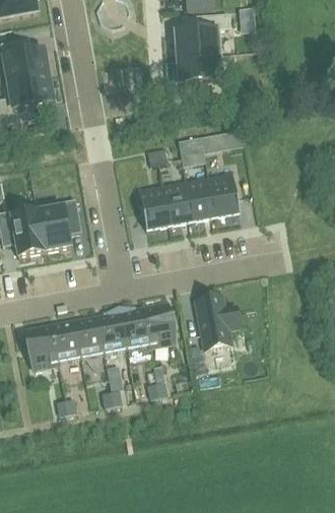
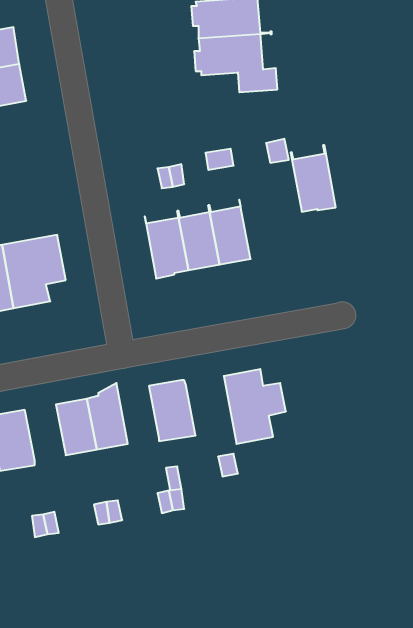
building: [206,168,239,215] -> [291,145,336,212]
building: [118,305,148,348] -> none
building: [52,320,81,361] -> none

